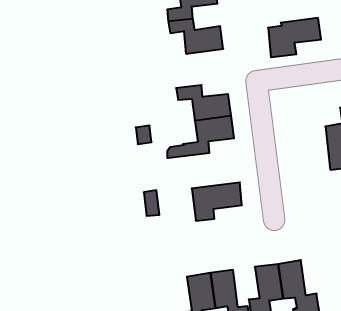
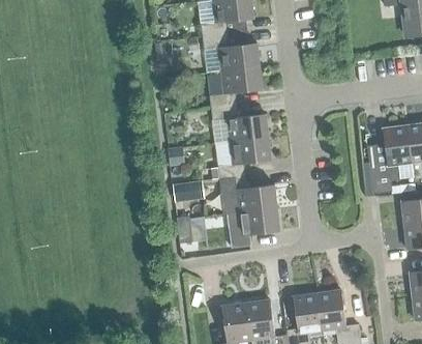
building: [268,18,321,57] -> [207,65,263,107]
building: none -> [219,175,277,213]
building: none -> [172,180,204,202]

